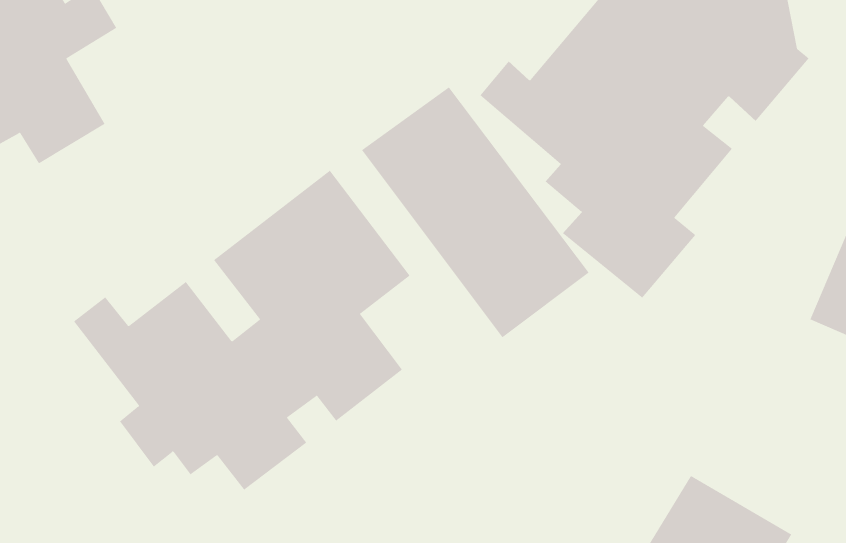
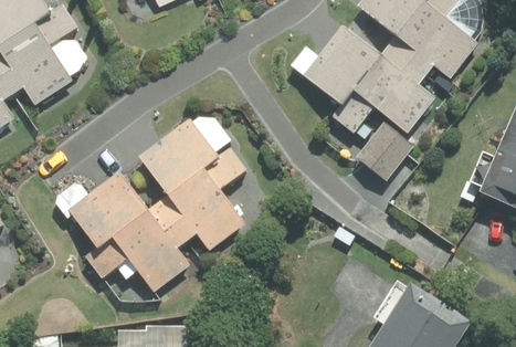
building: [361,87,590,338] -> none

